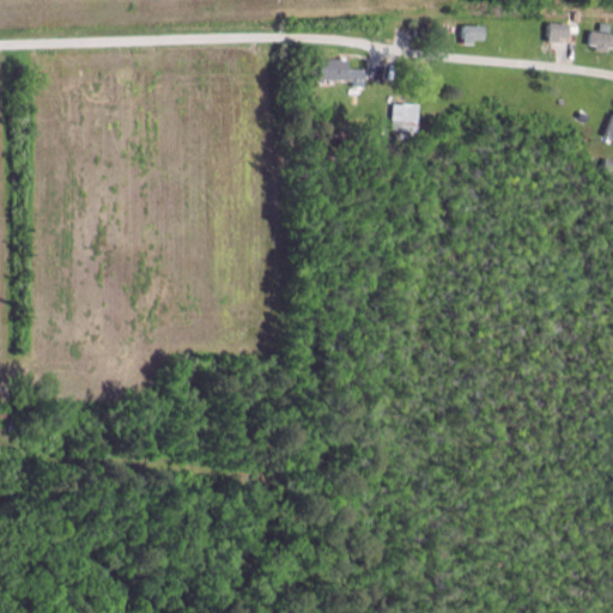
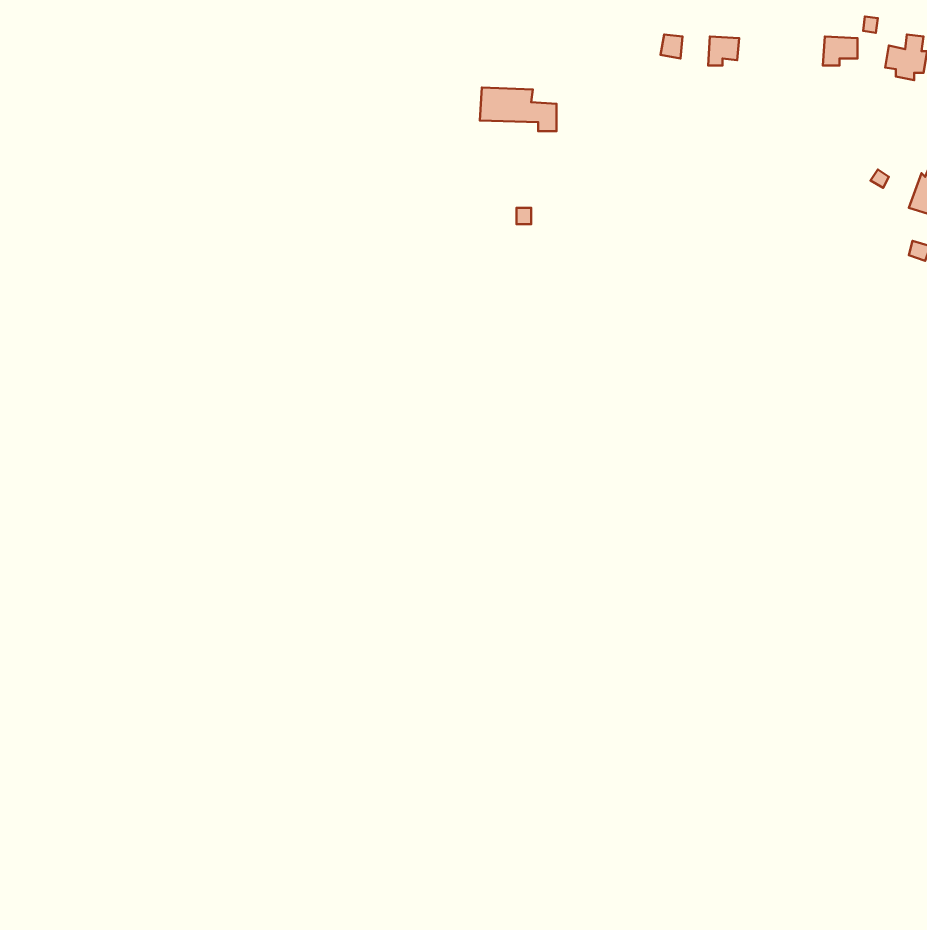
building: [394,102,423,141] -> none

